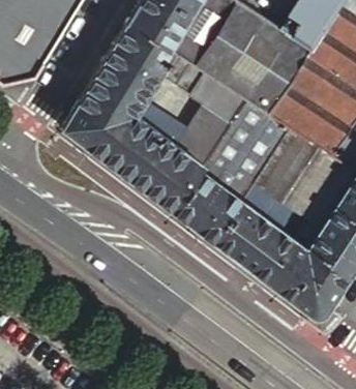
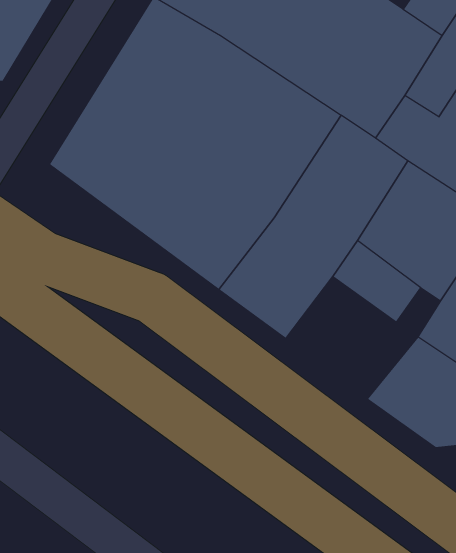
building: [212,202,296,279] -> none

